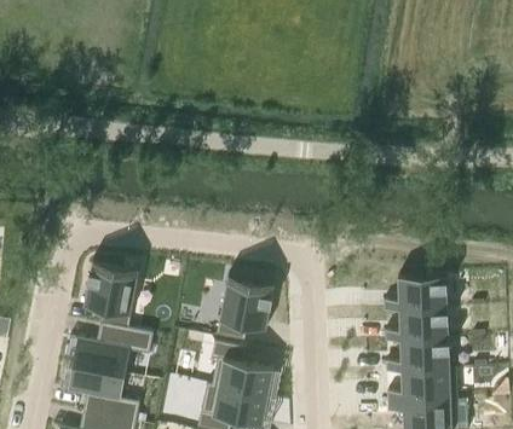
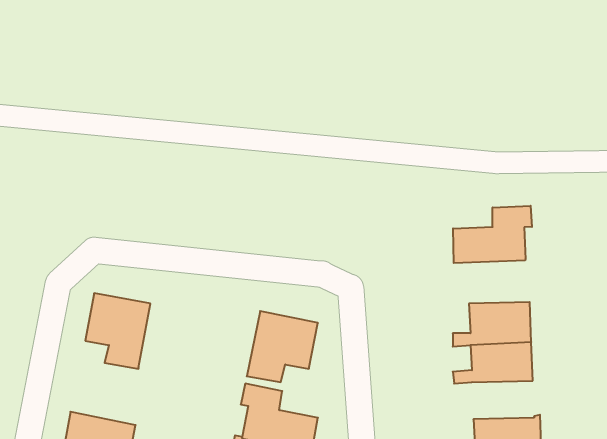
building: none -> [453,206,532,263]
building: [71,324,152,375] -> none
building: [385,338,450,371] -> none

